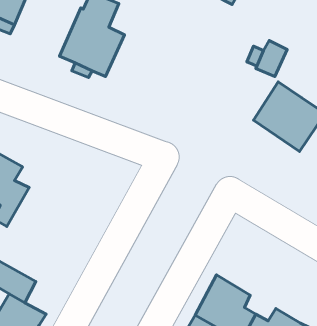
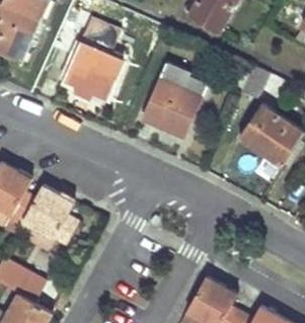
building: none -> [141,62,206,135]
building: none -> [15,186,76,250]

